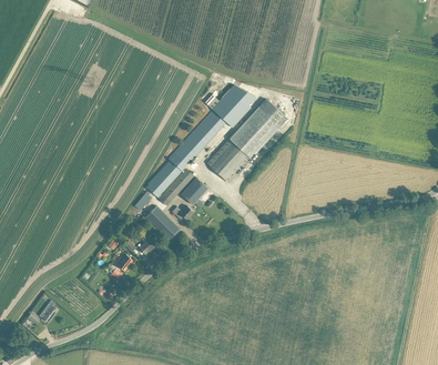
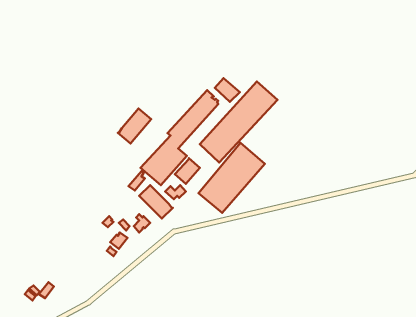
building: none -> [118,108,151,144]
building: none -> [198,143,265,213]

